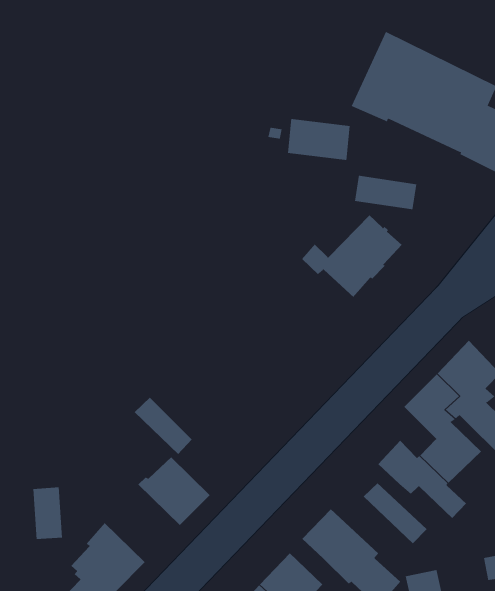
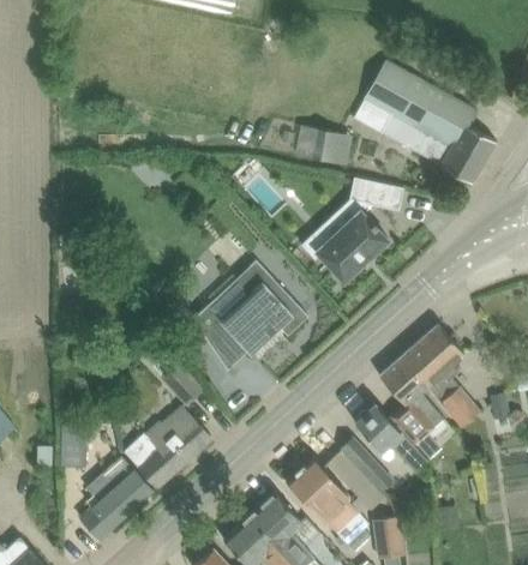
building: none -> [193,262,307,369]
building: none -> [124,427,184,488]
building: none -> [326,450,384,511]

